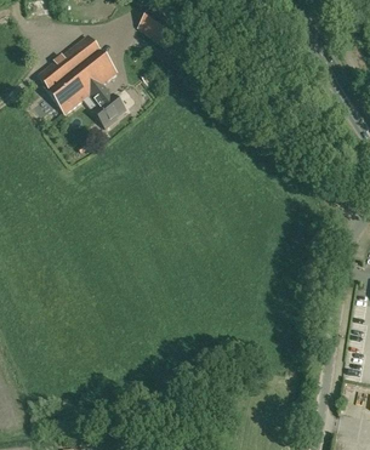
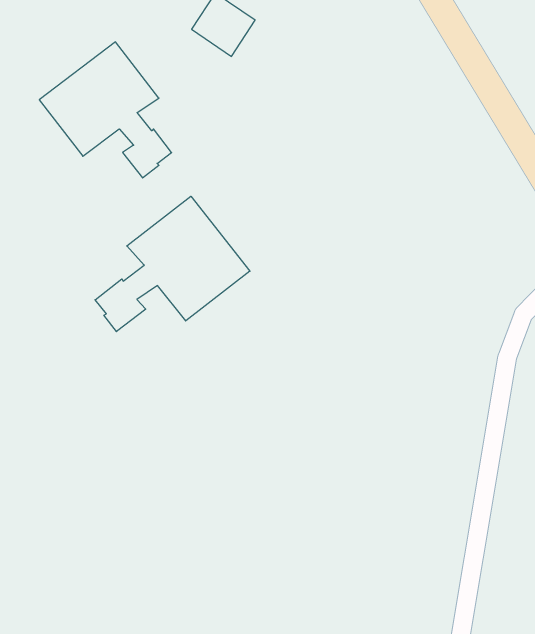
building: none -> [95,196,250,332]

